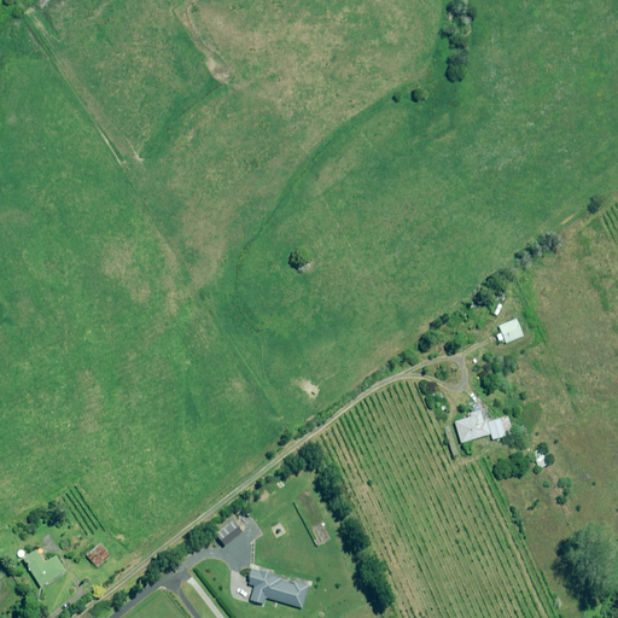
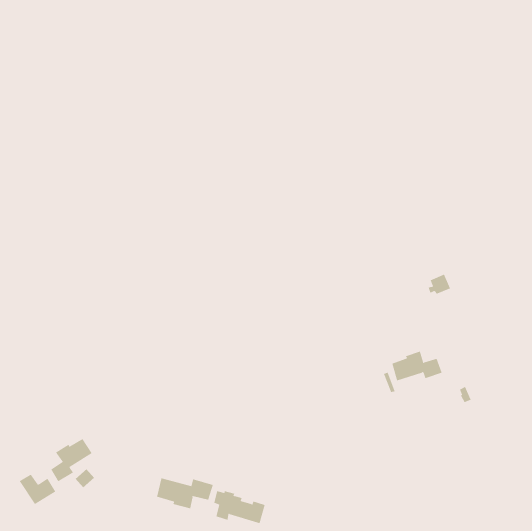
building: none -> [50,438,92,482]
building: none -> [157,478,213,509]

